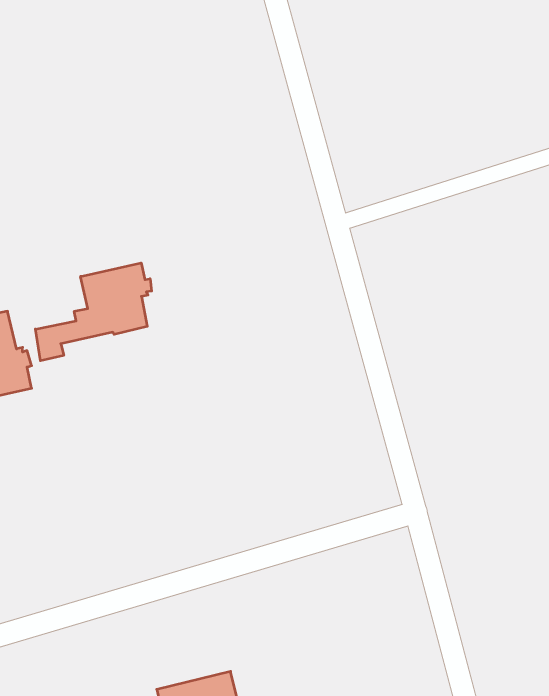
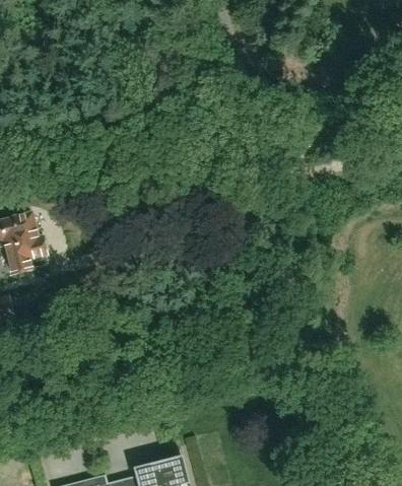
building: [35,263,152,361] -> none

